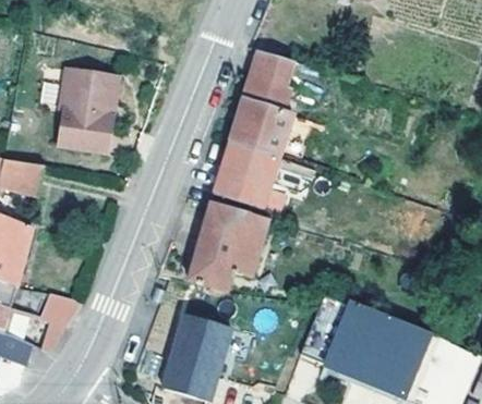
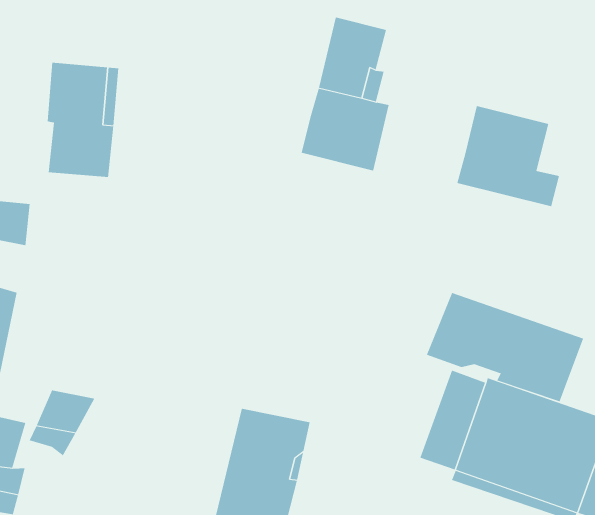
building: [215,142,286,213] -> [456,105,560,207]
building: [189,204,269,290] -> none
building: none -> [426,292,584,402]

